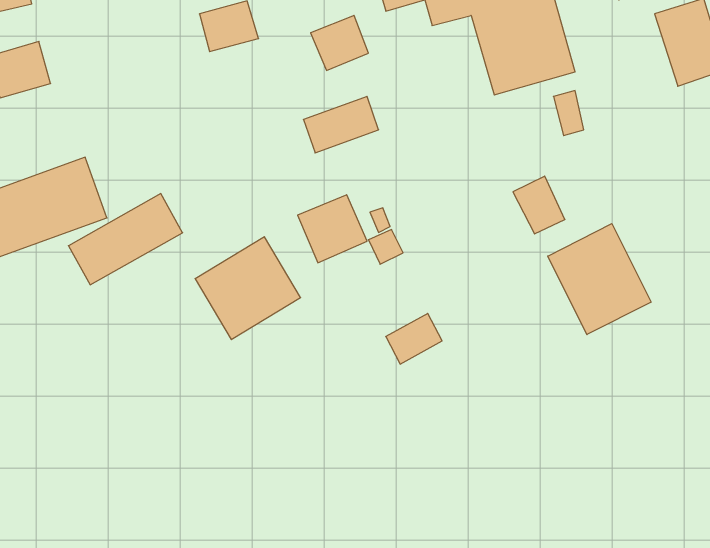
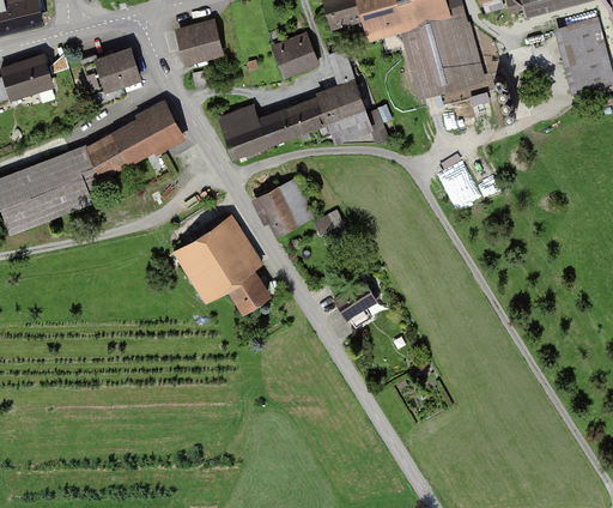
building: none -> [79,48,142,95]
building: none -> [318,79,375,141]
building: none -> [218,109,269,158]
building: [68,194,183,285] -> [87,102,182,177]
building: [548,224,651,335] -> none
building: none -> [225,271,269,313]

